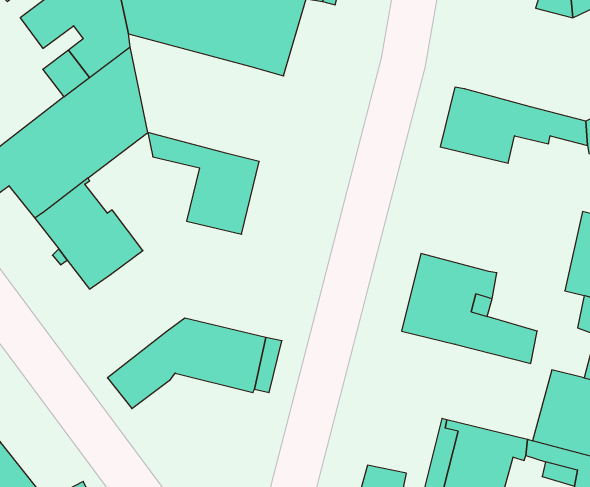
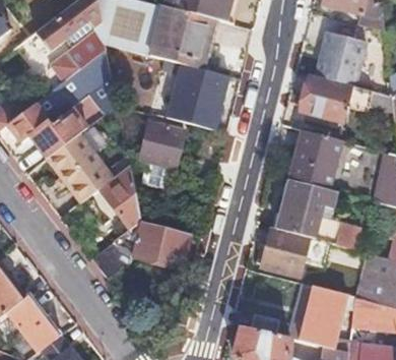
building: none -> [315,33,367,87]
building: none -> [166,62,228,129]
building: none -> [287,130,342,191]
building: none -> [92,167,139,229]
building: none -> [261,227,309,276]

